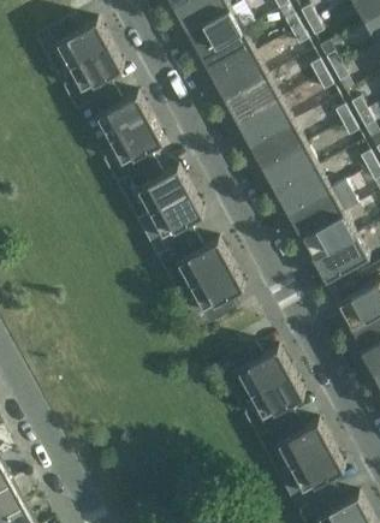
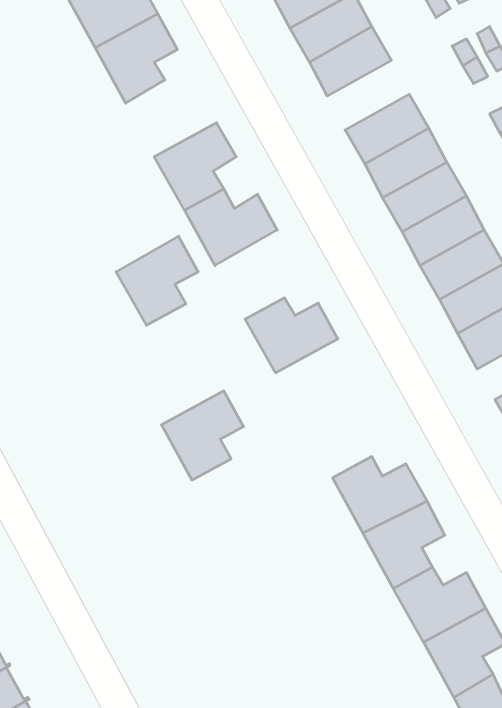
building: [224,76,279,123] -> none
building: [88,89,149,141] -> none
building: [148,190,203,250] -> [116,236,198,325]
building: [189,263,244,323] -> [161,391,244,480]

